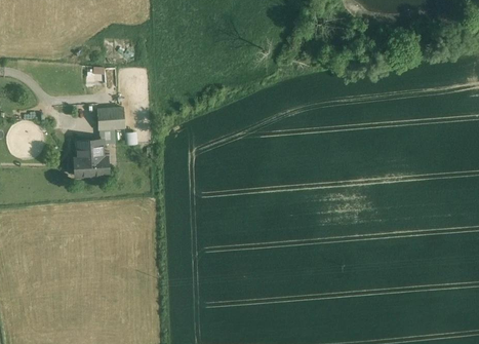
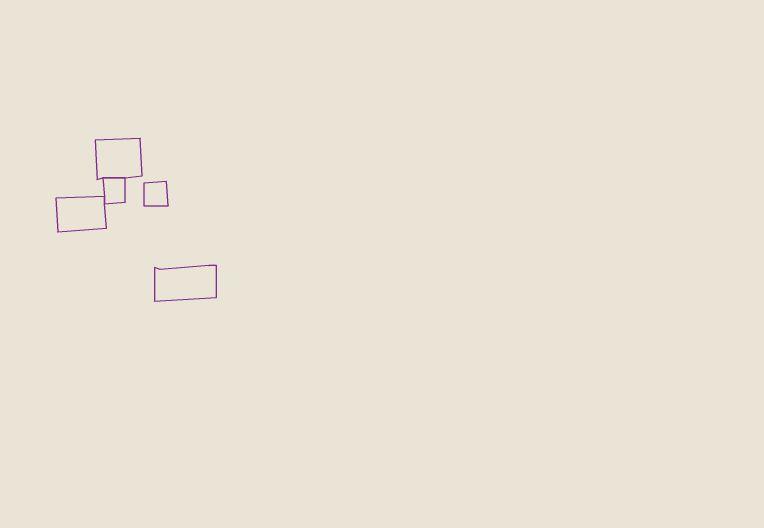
building: [74,158,108,178] -> [155,266,216,301]

